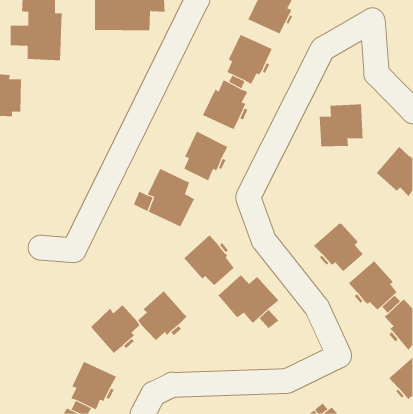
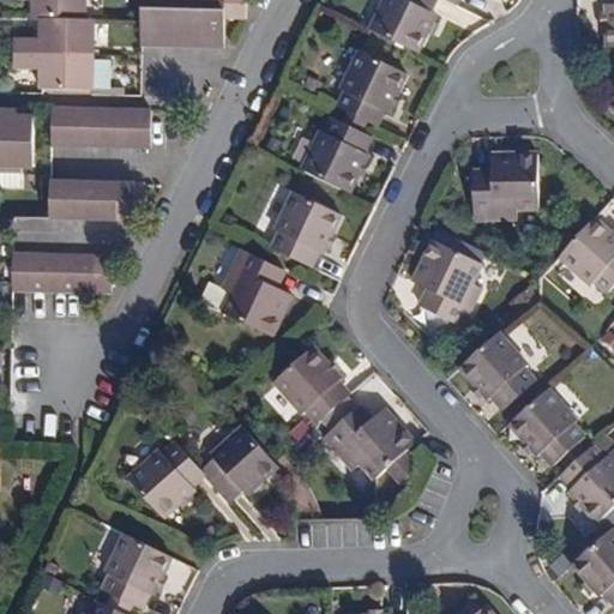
building: none -> [49,107,149,146]
building: none -> [48,180,143,218]
building: none -> [409,239,478,324]
building: none -> [11,252,110,291]

